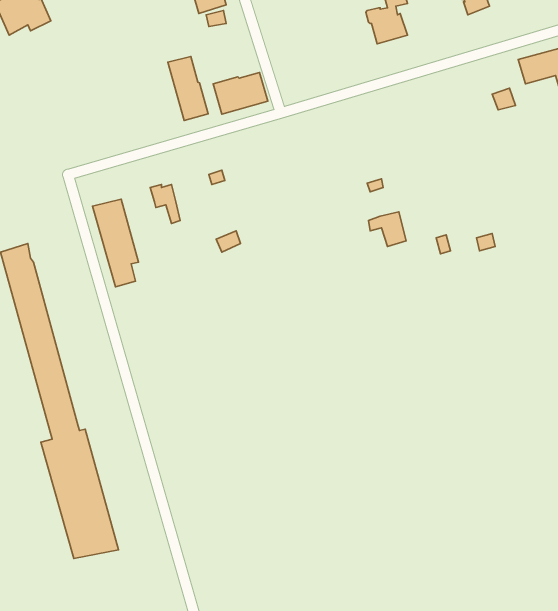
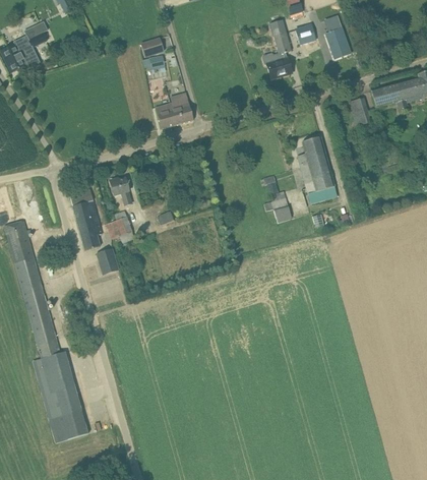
building: [168,56,208,121] -> none
building: none -> [297,136,337,203]
building: none -> [106,211,134,241]
building: none -> [97,248,119,275]

